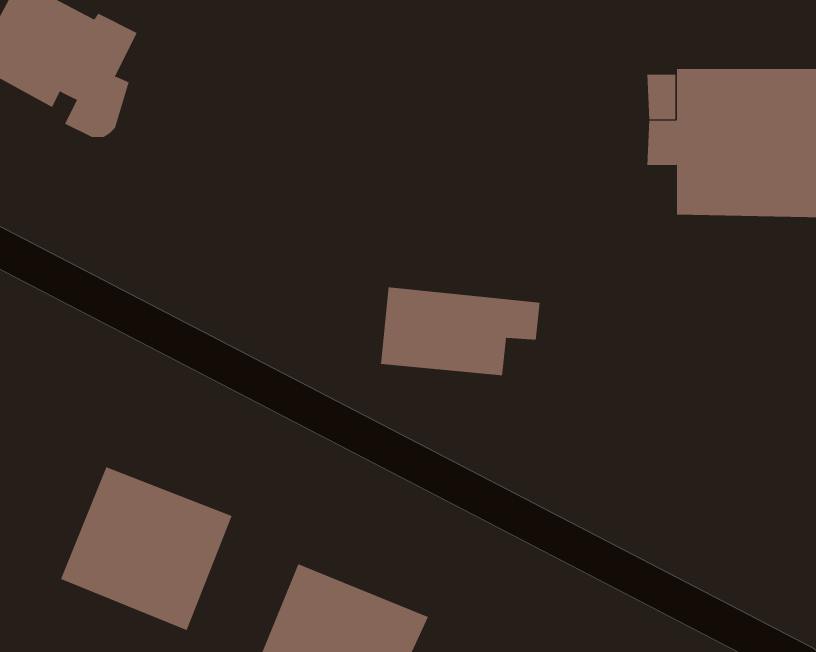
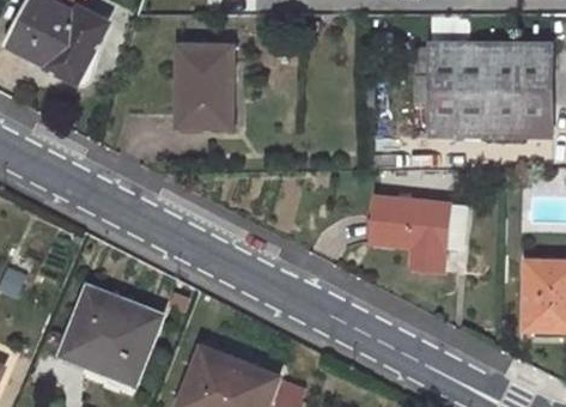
building: none -> [177,47,232,126]
building: [380,287,540,376] -> [370,198,467,251]

